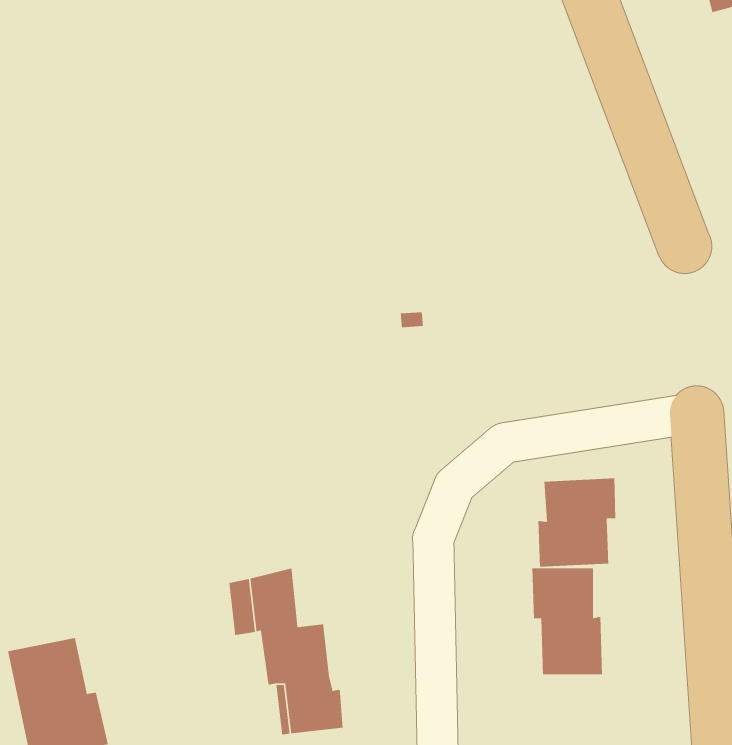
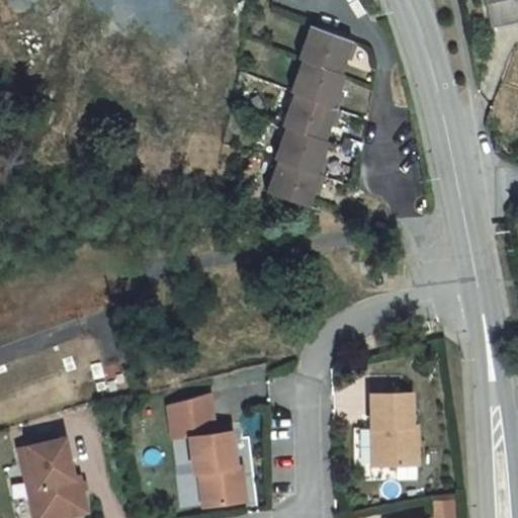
building: none -> [270,26,356,206]
building: [537,478,616,568] -> none

